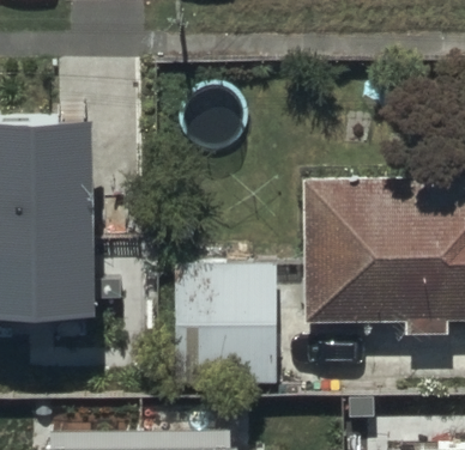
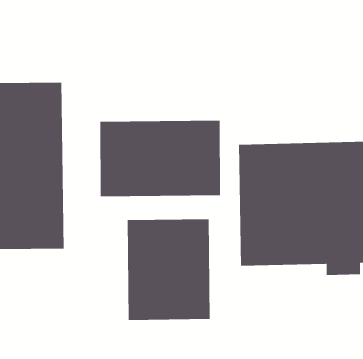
building: none -> [99,120,221,197]

